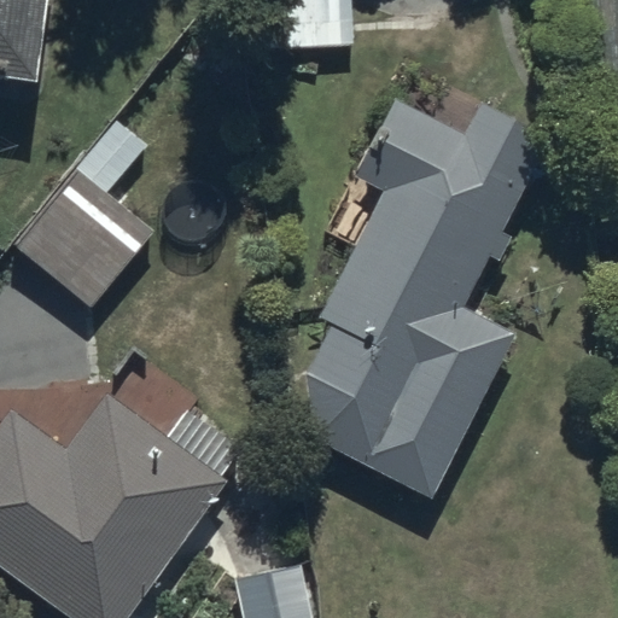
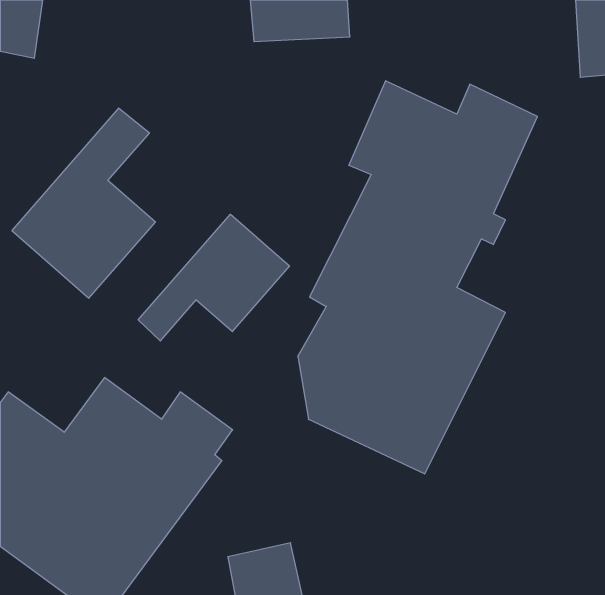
building: none -> [138,214,290,341]

